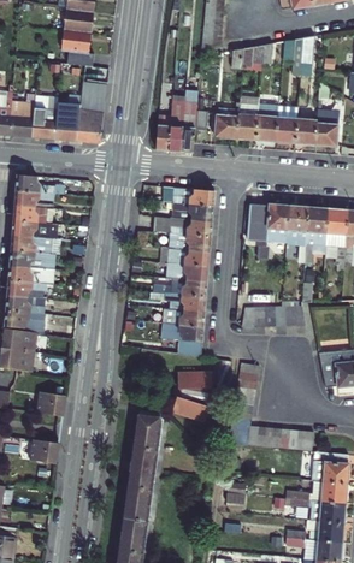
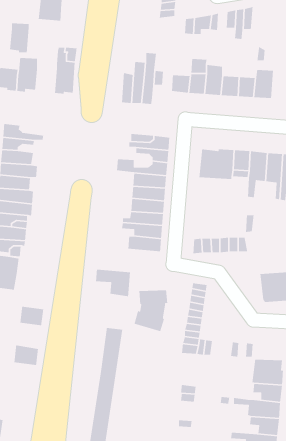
building: [55,103,79,140] -> [9,23,29,53]
building: [161,324,203,357] -> [95,269,131,297]

